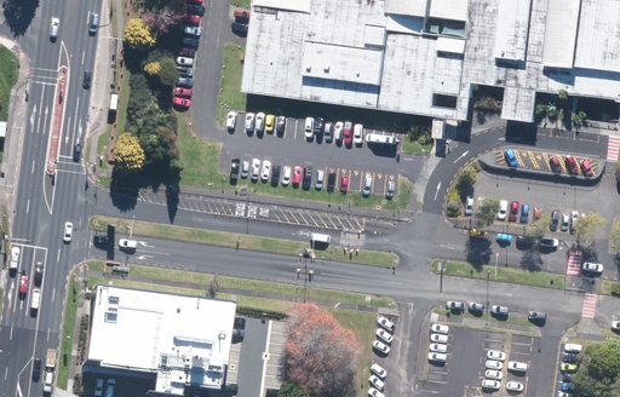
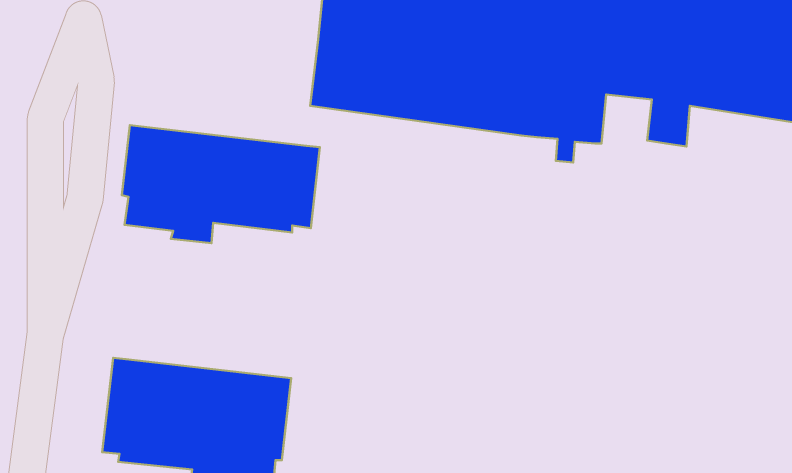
building: none -> [122,125,320,243]

